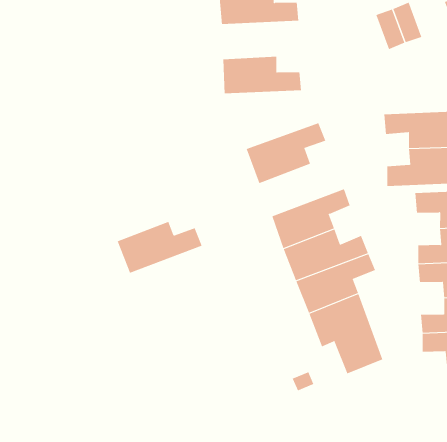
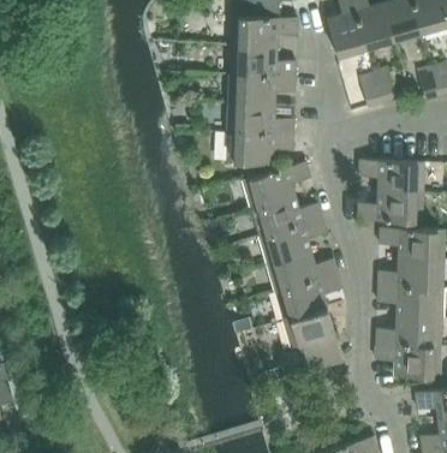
building: none -> [230,74,296,105]
building: none -> [227,132,293,163]
building: [117,221,203,274] -> [251,196,322,237]

